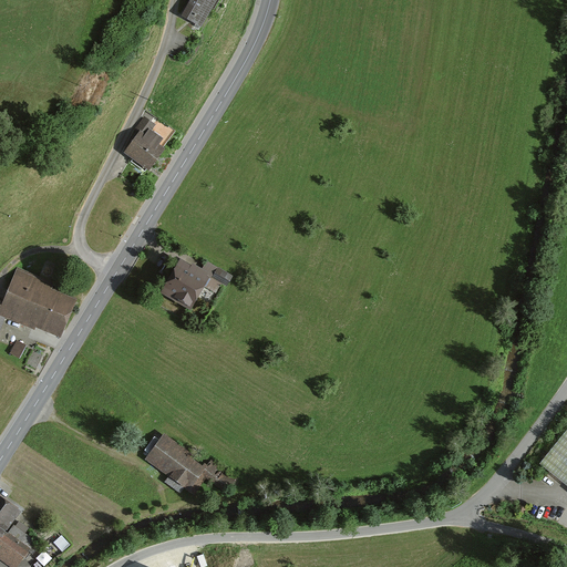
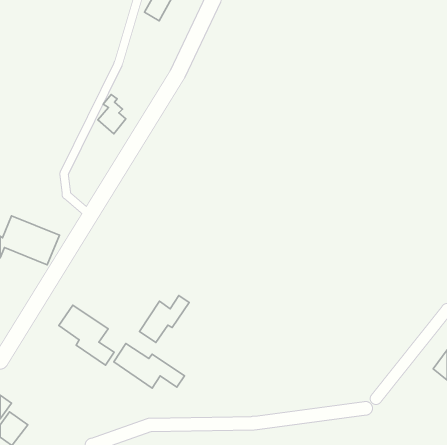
building: [165,259,212,305] -> none
building: none -> [139,296,189,343]
building: none -> [59,305,114,365]

